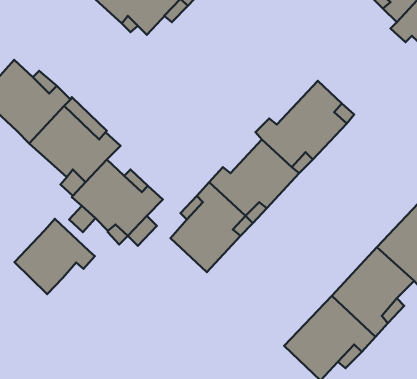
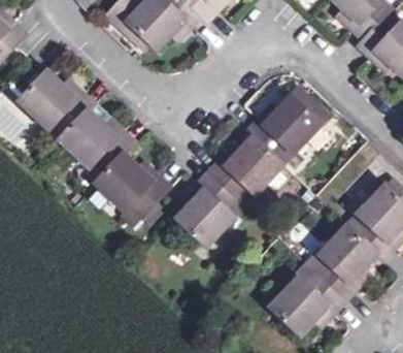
building: [14,219,95,294] -> none

